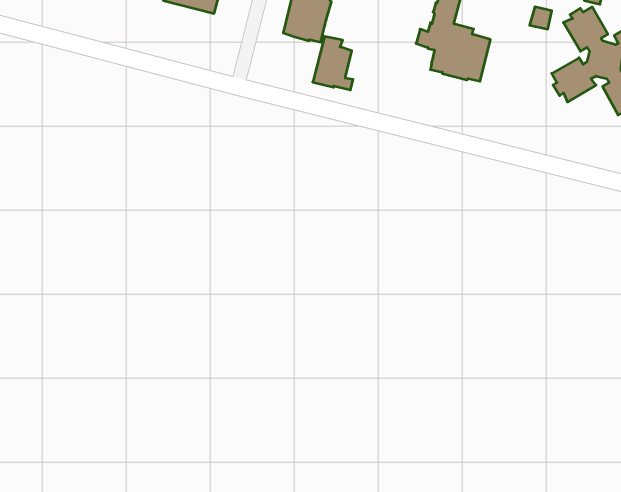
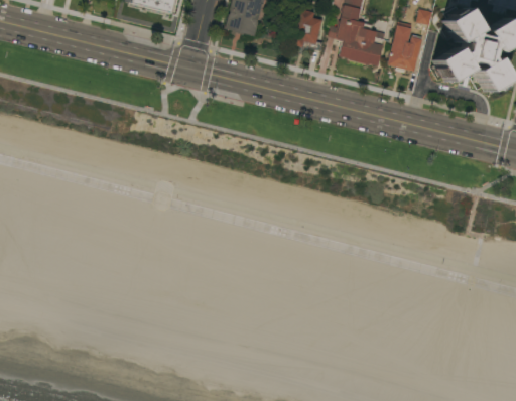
building: none -> [386,24,421,72]
building: [313,36,353,90] -> [291,9,322,50]

